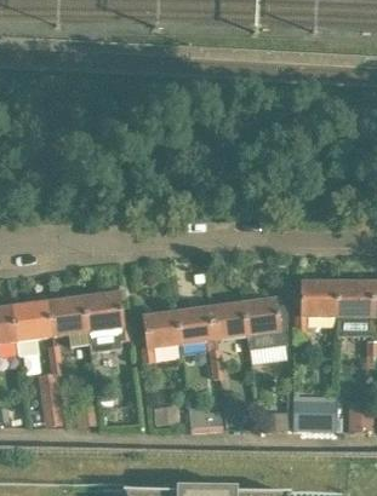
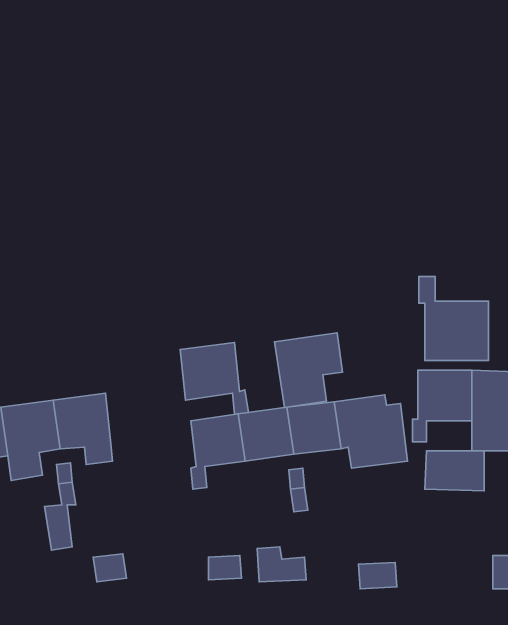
building: none -> [419,276,488,360]
building: none -> [274,333,342,407]
building: [82,290,130,340] -> [180,343,248,414]
building: [293,402,335,429] -> [425,451,484,491]

